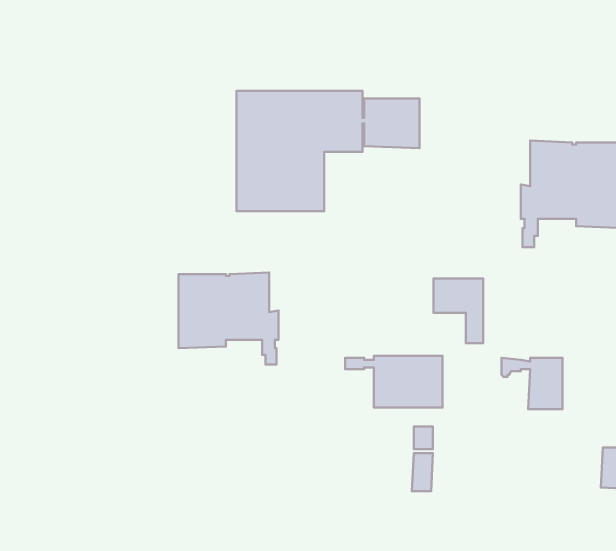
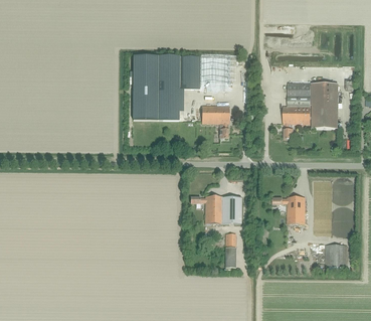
building: [179,273,278,365] -> none
building: [433,278,483,343] -> [202,105,228,139]

